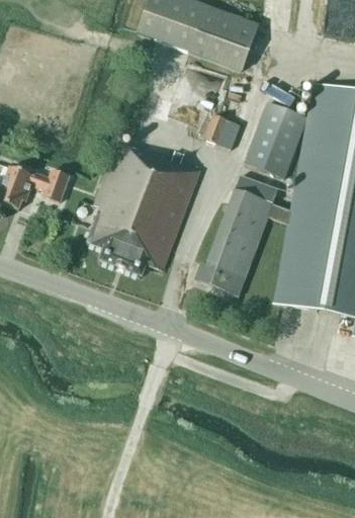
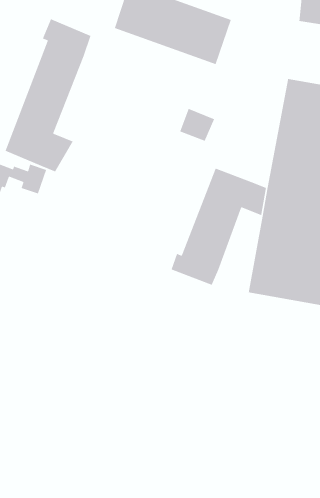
building: none -> [4,18,92,173]
building: [245,101,307,176] -> none
building: [87,142,199,273] -> none

